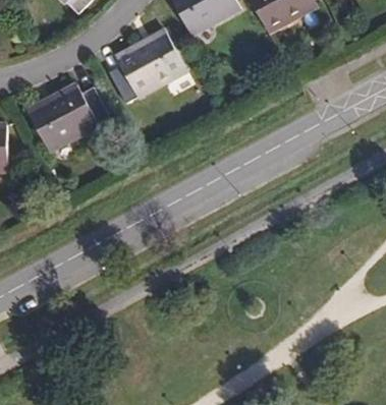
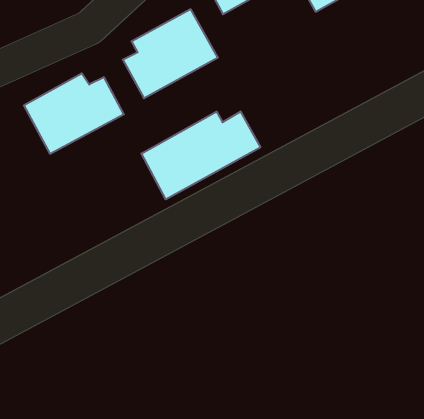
building: none -> [141,111,260,199]

